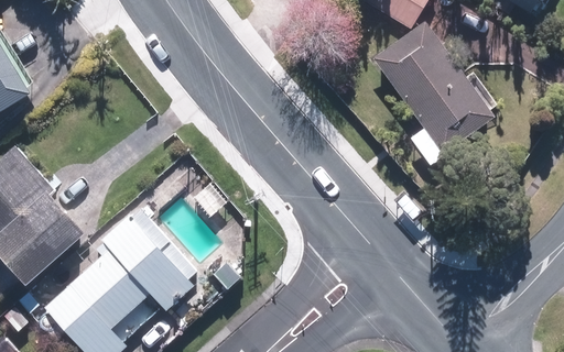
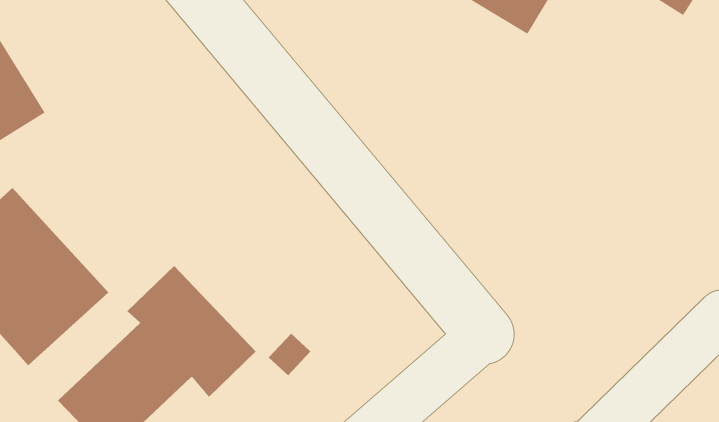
building: [373,19,495,162] -> none

